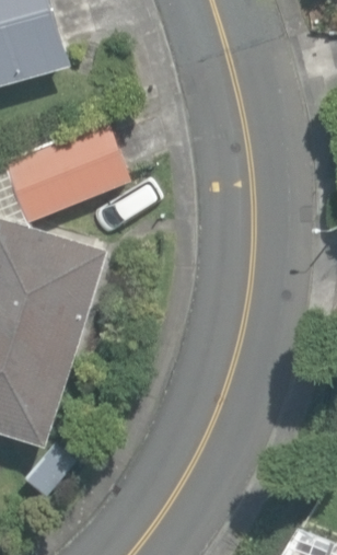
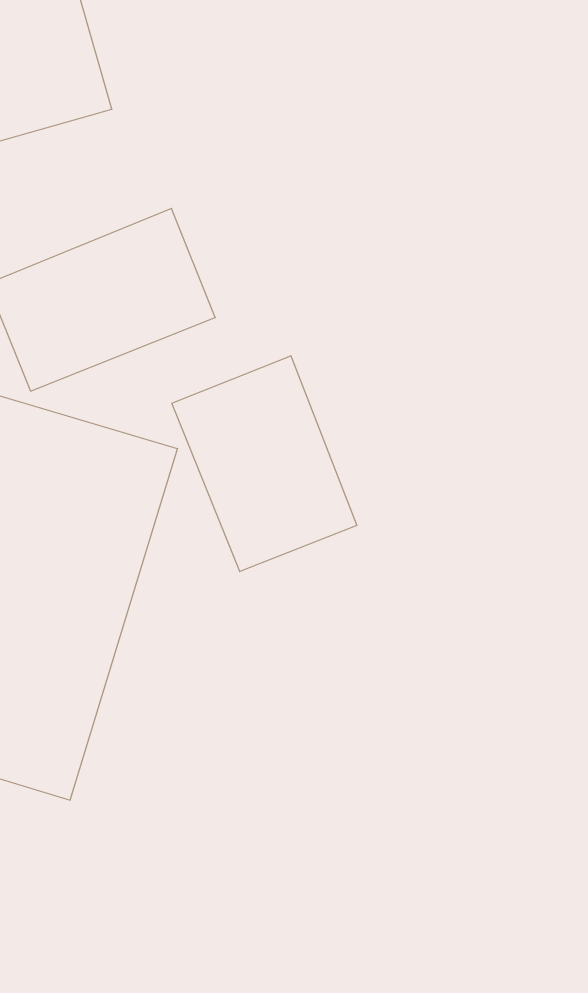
building: none -> [172,356,357,572]

